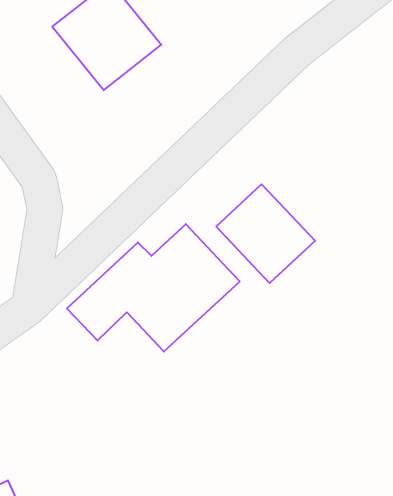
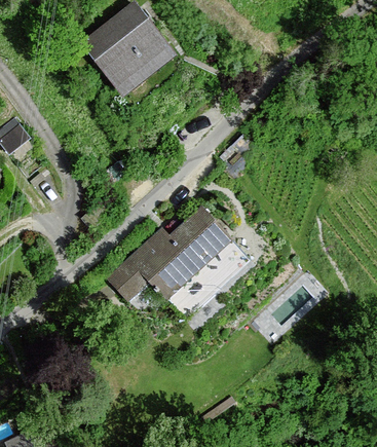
building: [216,184,315,283] -> none

